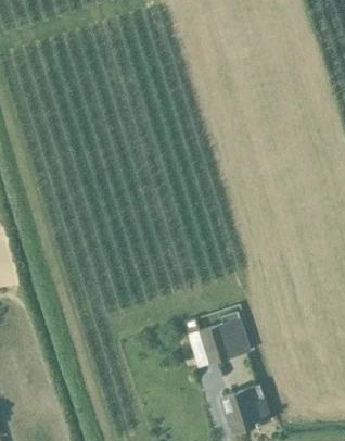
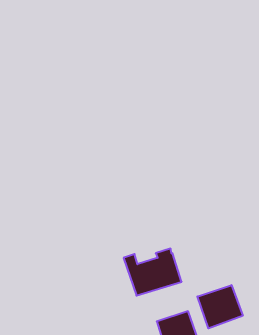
building: none -> [197,285,243,328]

